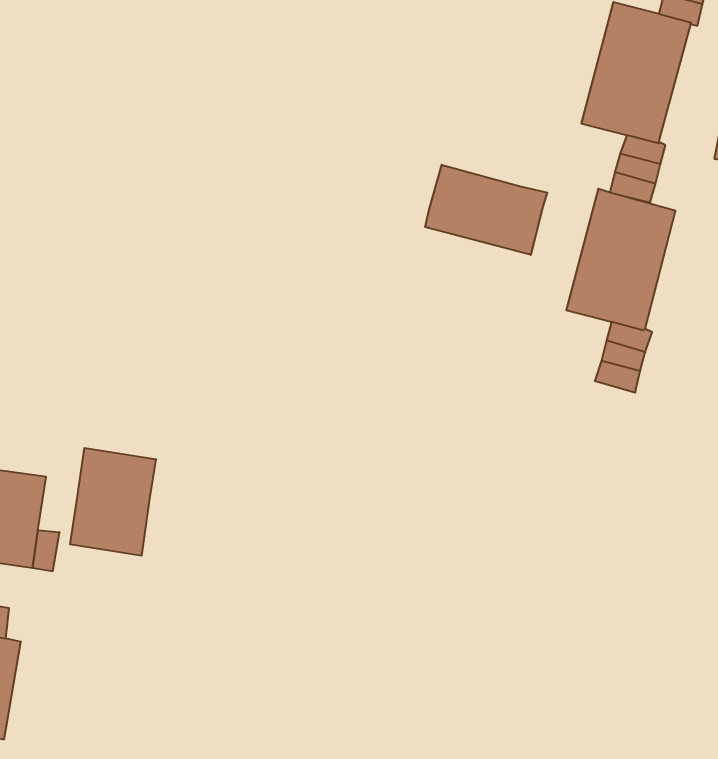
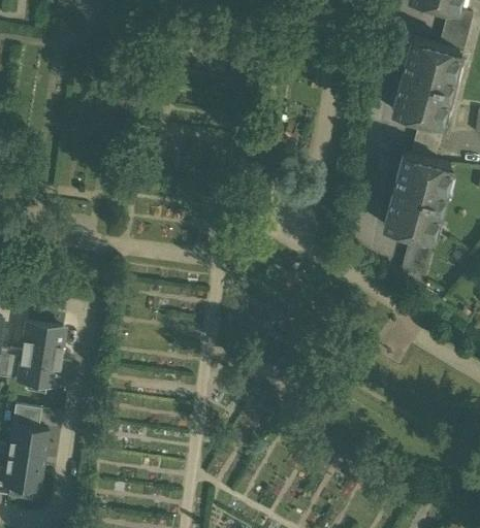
building: [425,165,547,255] -> none
building: [70,448,156,556] -> none

